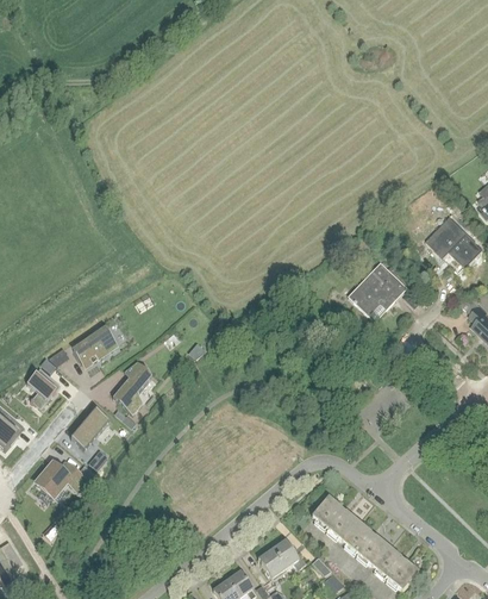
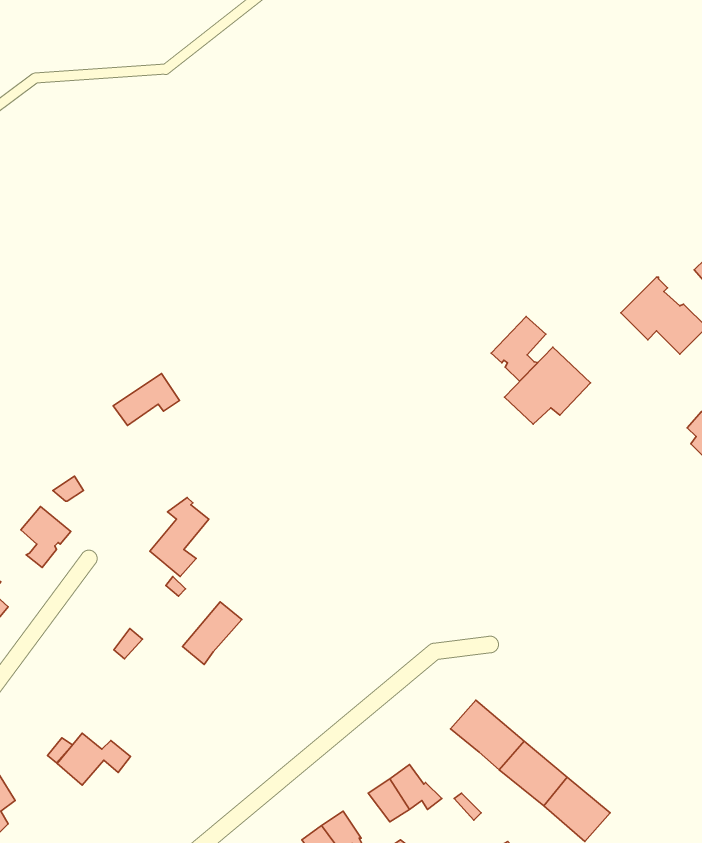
building: none -> [491,316,546,381]
building: [73,326,117,361] -> [113,374,180,426]
building: [73,410,112,451] -> [183,602,242,664]
building: [36,462,85,497] -> [57,733,131,785]

